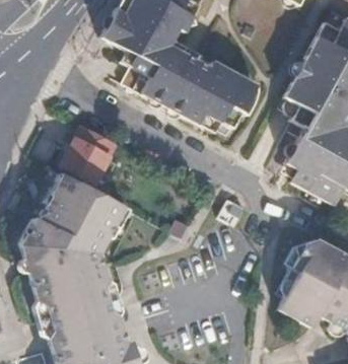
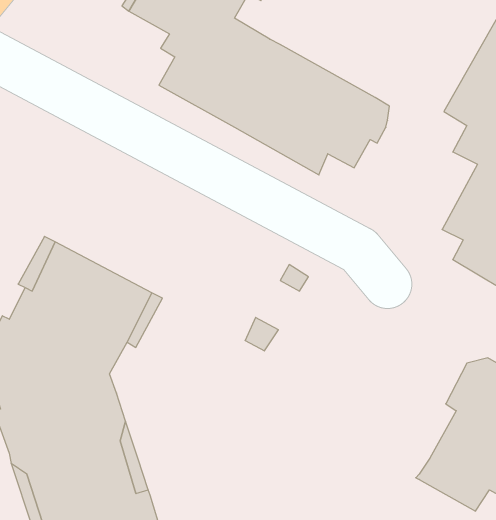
building: [62,122,115,176] -> none

